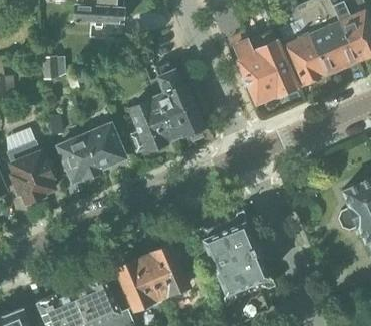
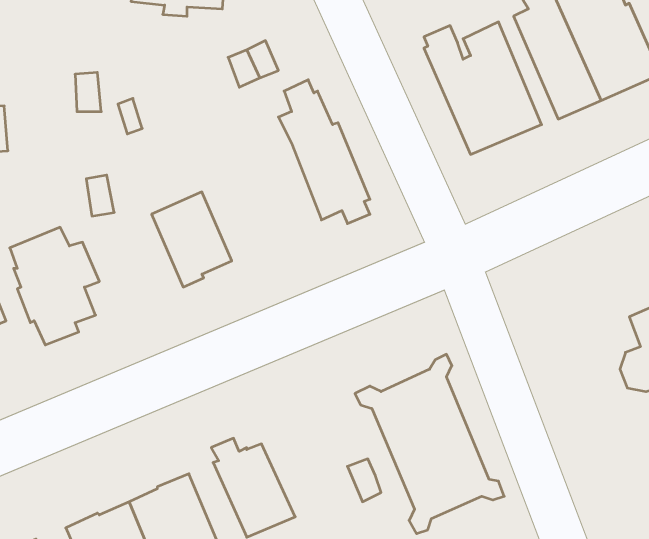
building: [130,96,176,153] -> none
building: [58,134,102,185] -> none
building: [144,242,189,297] -> none

